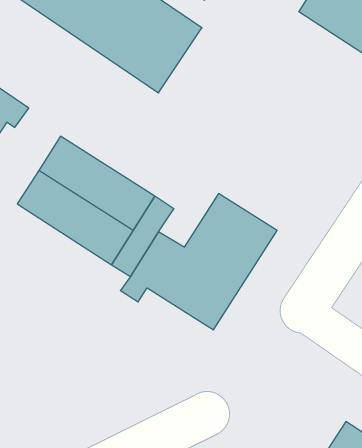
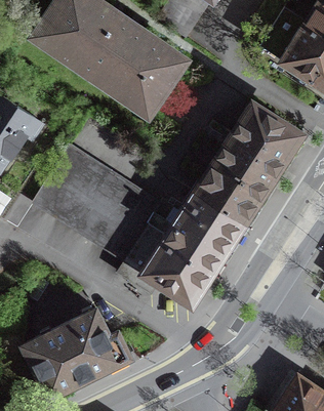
building: none -> [197,105,300,223]
building: none -> [26,310,130,393]

